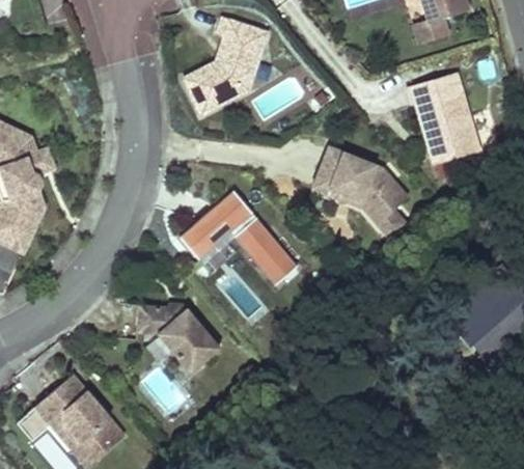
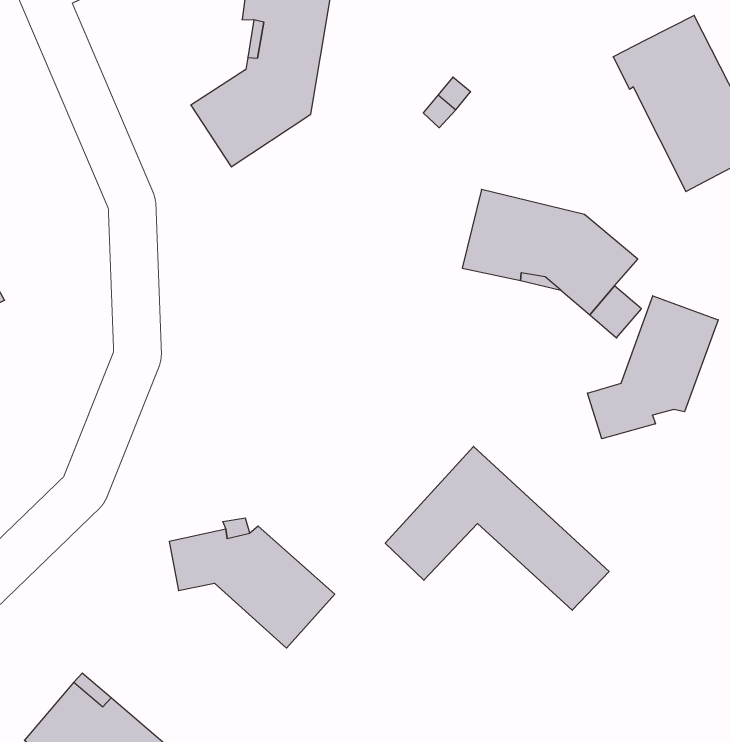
building: [183,195,300,291] -> [385,446,609,610]
building: none -> [587,296,718,439]

